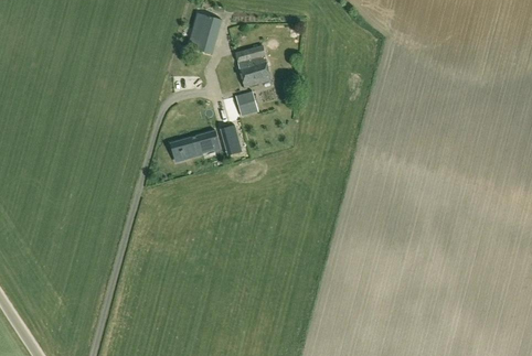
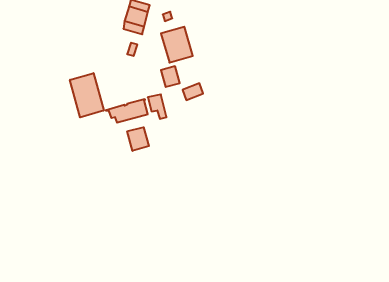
building: none -> [70,73,104,117]
building: none -> [127,127,149,151]

